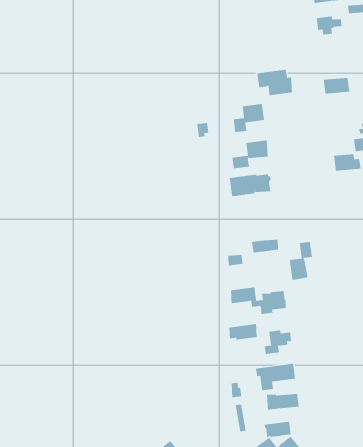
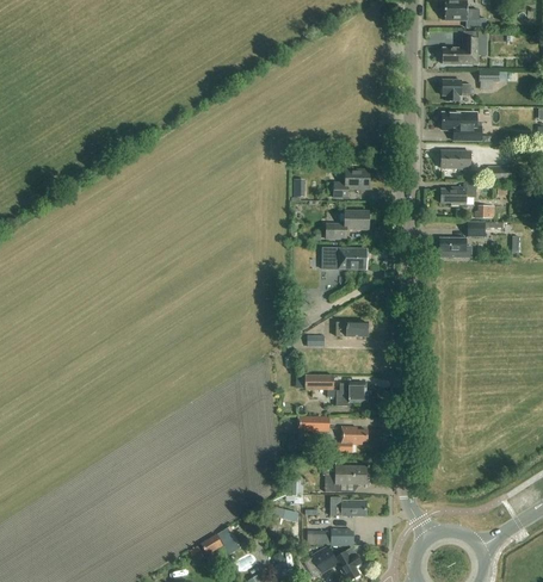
building: [256,69,293,96] -> [443,112,482,140]
building: none -> [442,180,477,204]
building: [289,241,312,281] -> none

